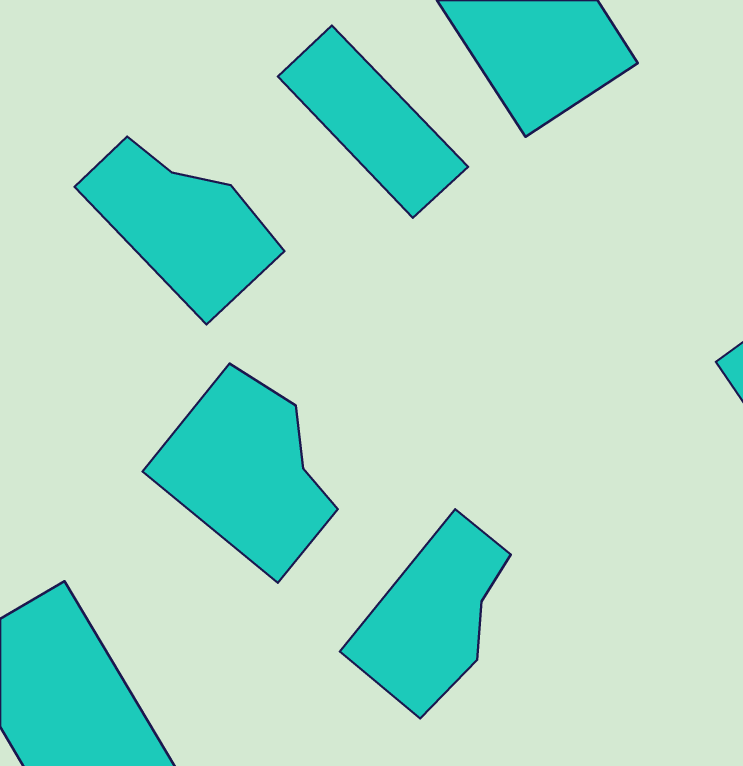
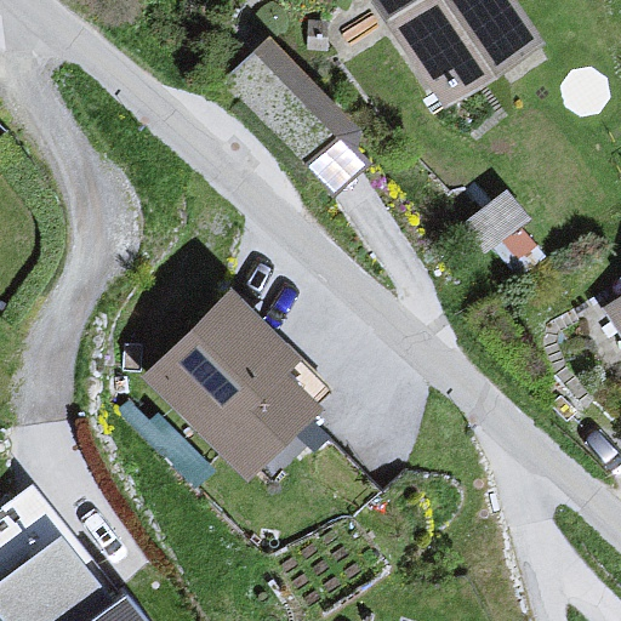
building: [74,136,284,324] -> none
building: [340,509,511,718] -> none

